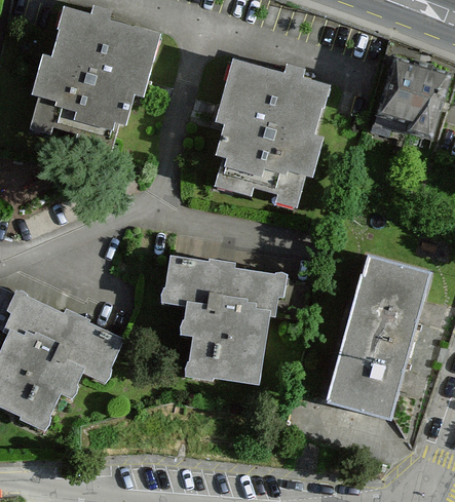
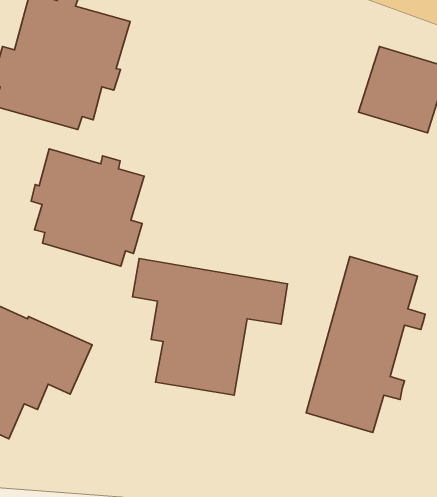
building: [210,56,329,205] -> none
building: none -> [31,149,144,266]

